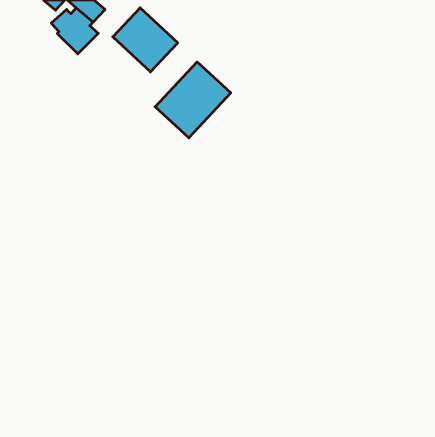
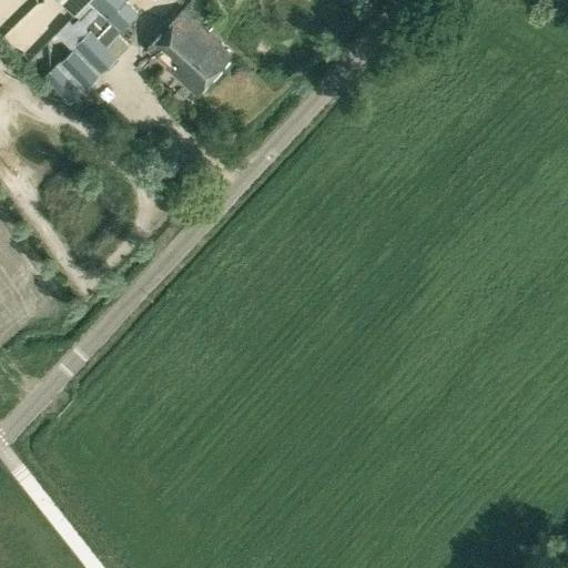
building: none -> [48,49,101,101]
building: [155,62,231,138] -> none

